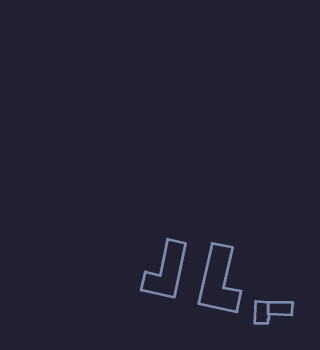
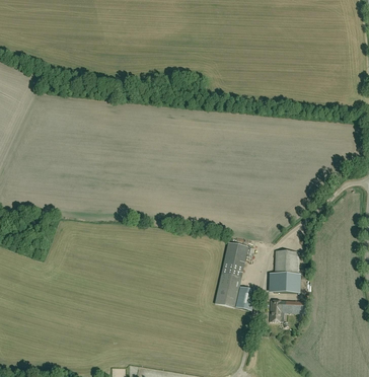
building: [141,239,185,297] -> none
building: none -> [267,251,300,293]

